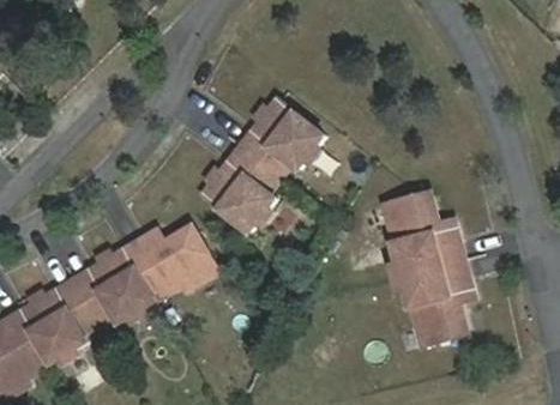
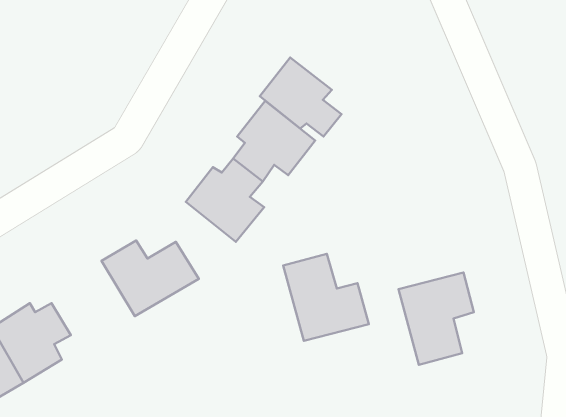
building: none -> [260,58,342,137]
building: [383,193,463,274] -> [283,254,369,341]
building: [77,248,155,321] -> none

